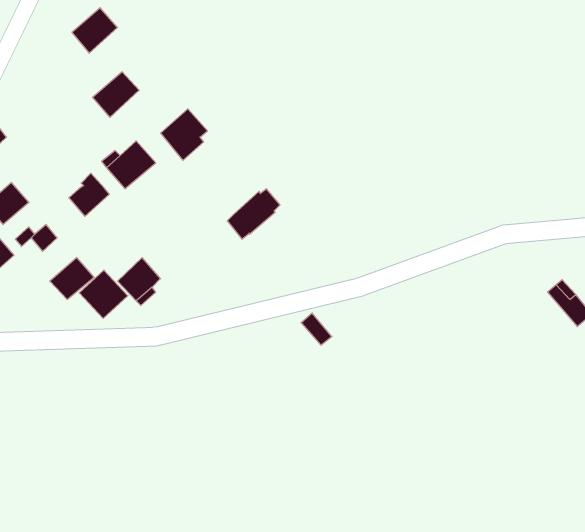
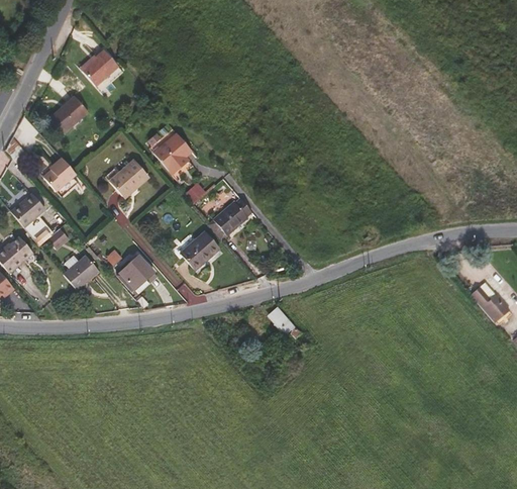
building: [92,72,139,117] -> [49,96,88,133]
building: [69,173,109,216] -> [42,157,76,192]
building: none -> [180,230,220,269]
building: [79,270,128,318] -> none

